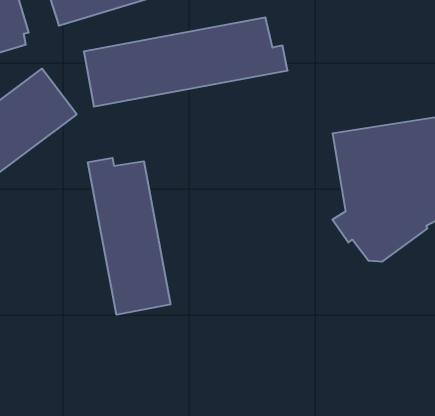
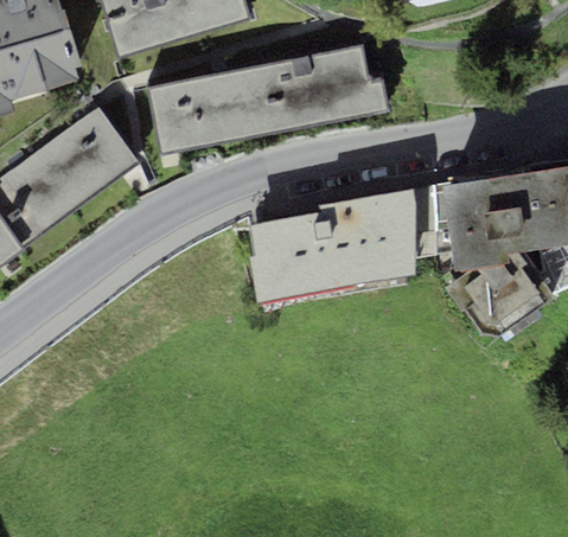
building: none -> [248,184,435,301]
building: [88,158,170,315] -> none

